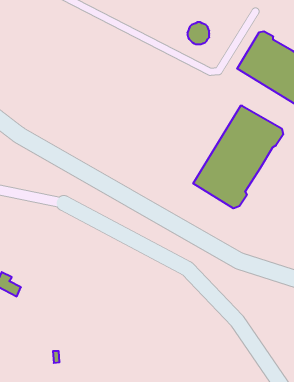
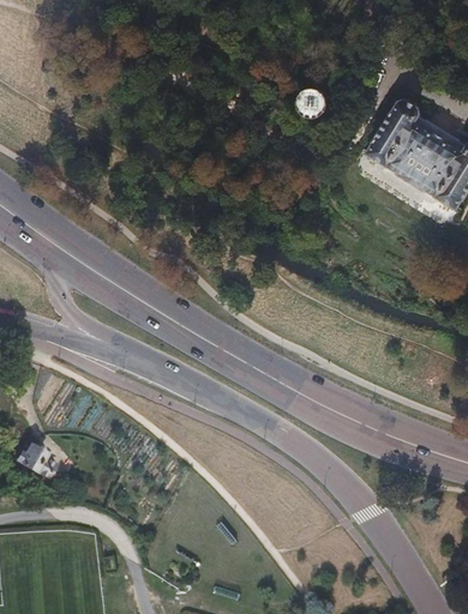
building: [193,105,283,208] -> none

